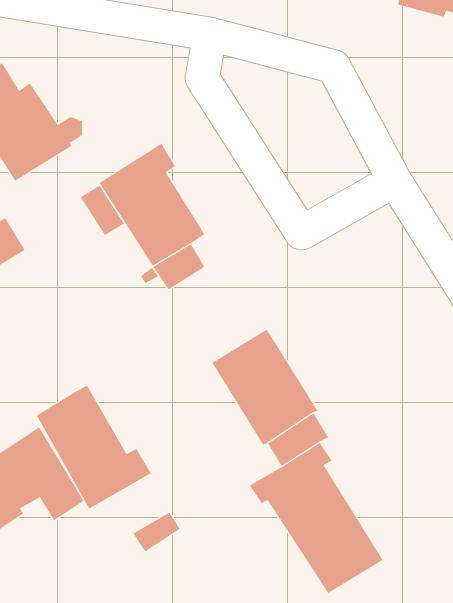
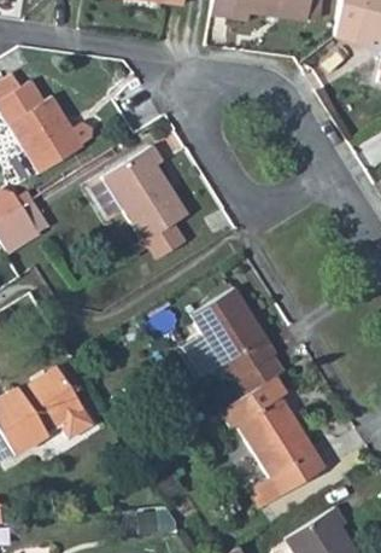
building: [36,385,152,509] -> none

